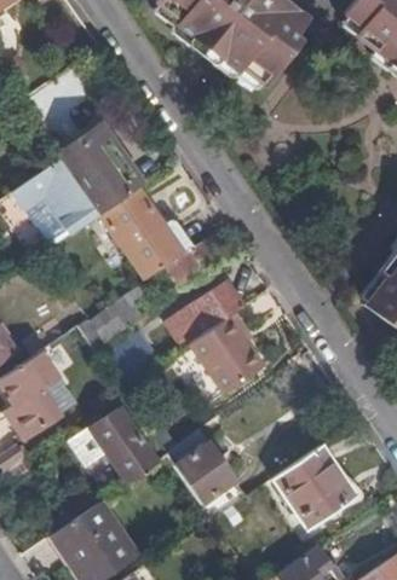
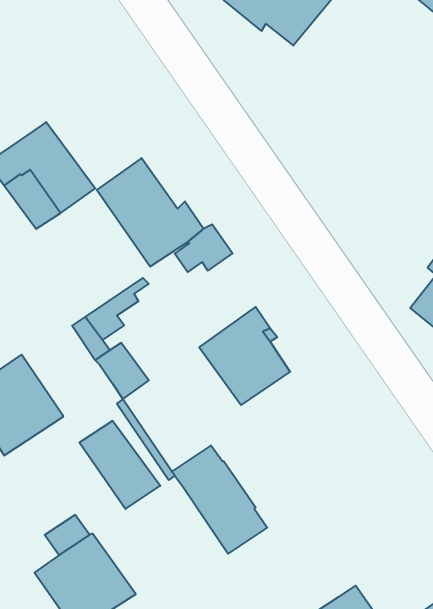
building: [59,129,139,214] -> none
building: [163,279,244,348] -> none
building: [274,445,356,528] -> none

